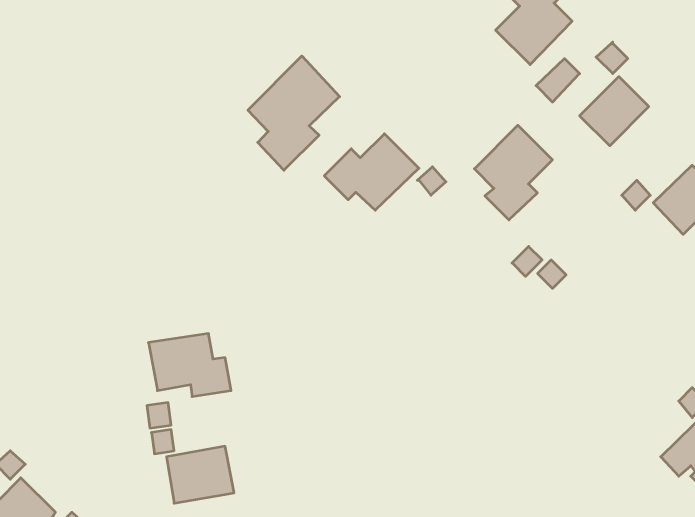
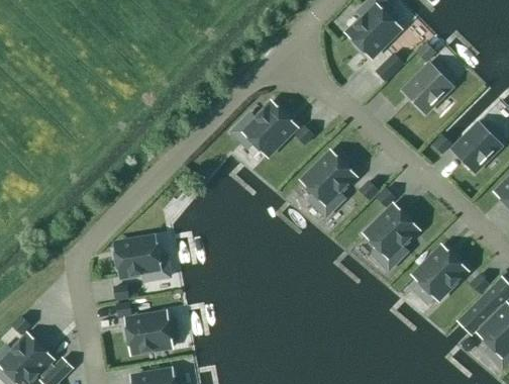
building: [248,56,340,170] -> none
building: [474,125,552,220] -> [302,152,354,215]
building: none -> [366,205,417,269]
building: none -> [410,247,466,300]

